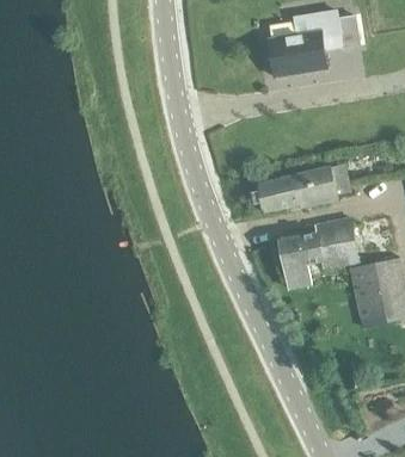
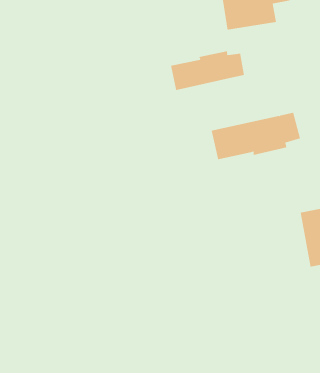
building: none -> [170,51,245,91]
building: [280,217,358,286] -> none

